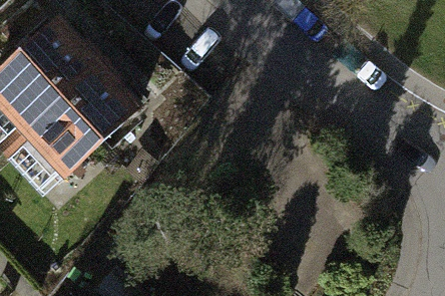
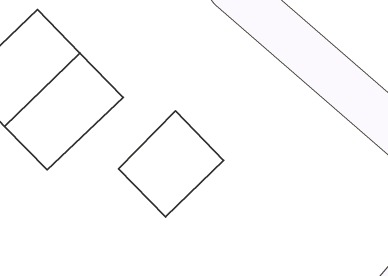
building: none -> [119,111,224,217]

